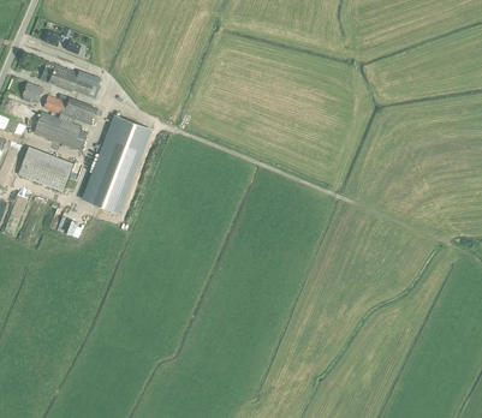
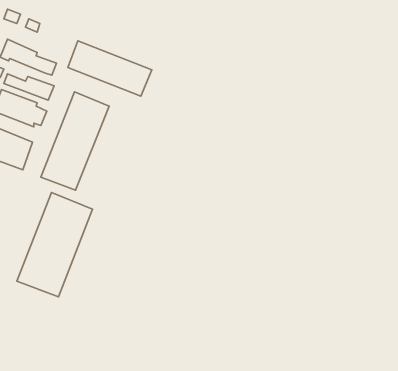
building: none -> [68,41,152,96]
building: none -> [17,192,92,297]

